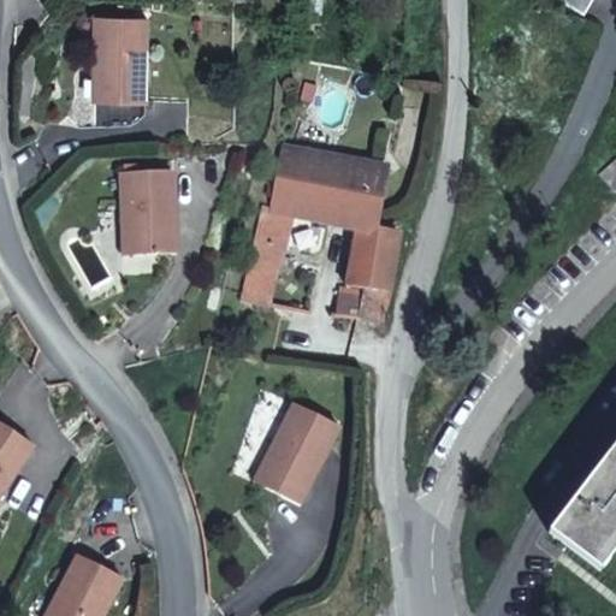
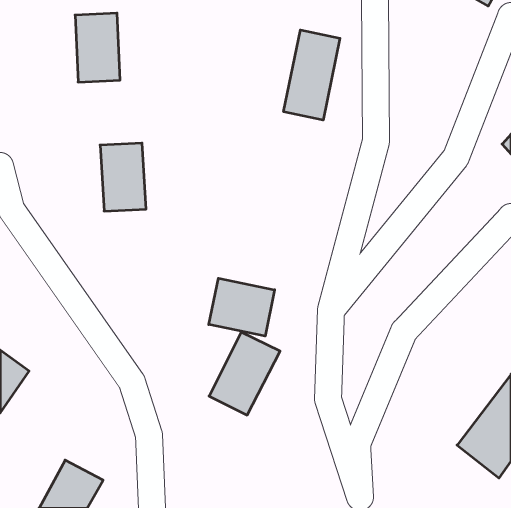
building: none -> [284,30,340,120]
building: [239,143,401,320] -> none
building: none -> [209,278,275,336]

